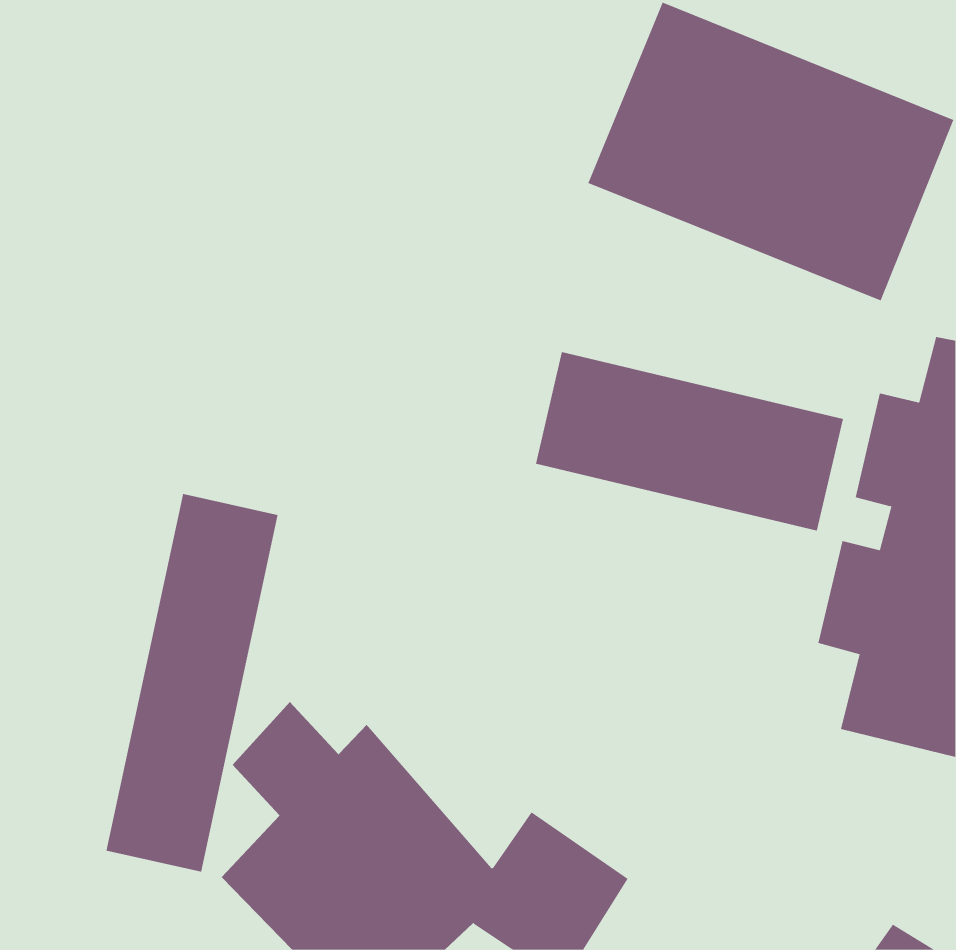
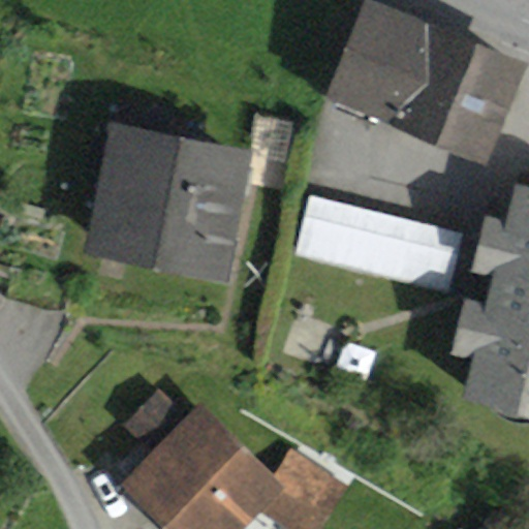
building: none -> [81,122,254,283]
building: [106,493,278,872] -> none

